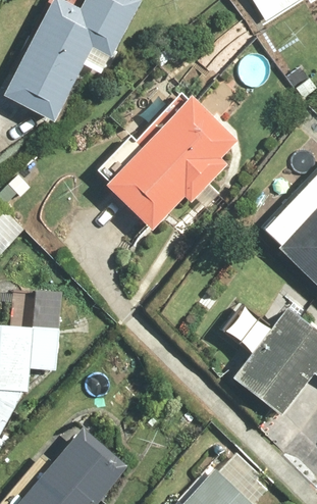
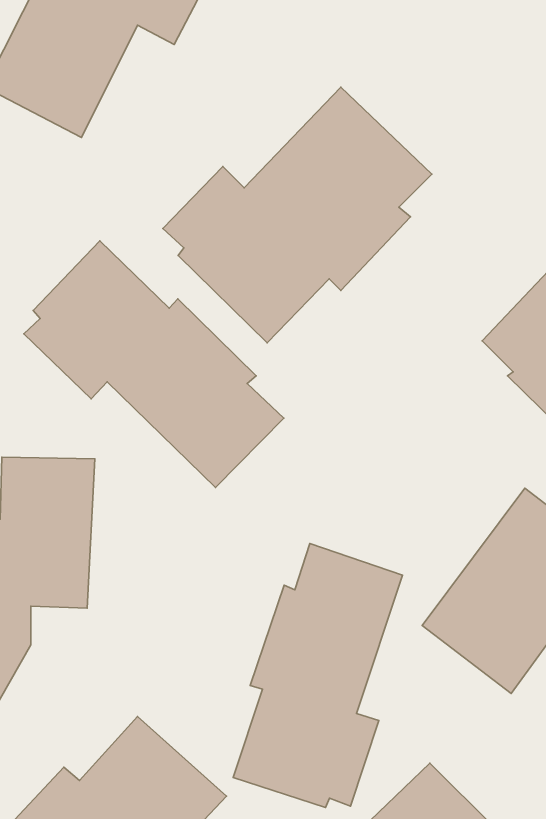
building: none -> [24,241,284,488]
building: none -> [233,544,403,807]

